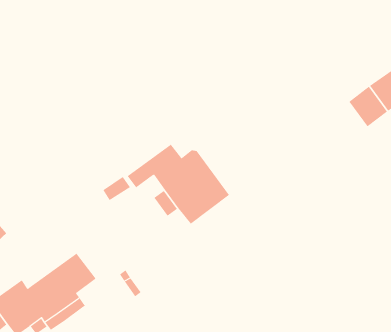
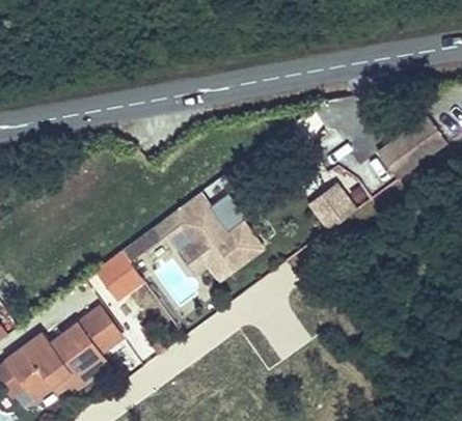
building: none -> [304,179,355,230]
building: none -> [98,250,144,299]

